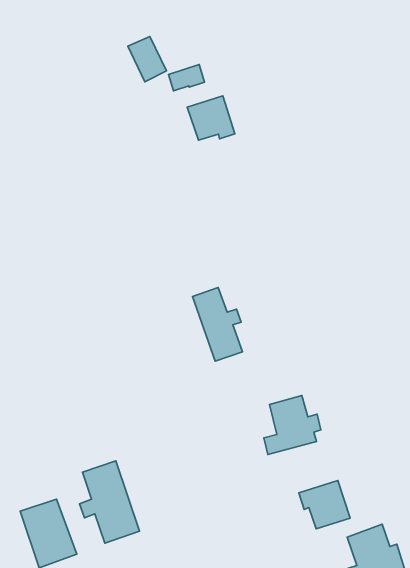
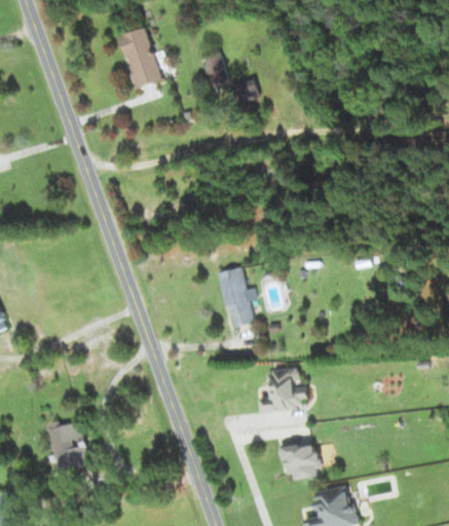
building: none -> [118,27,160,88]
building: [187,96,235,140] -> none
building: [80,461,140,543] -> none

